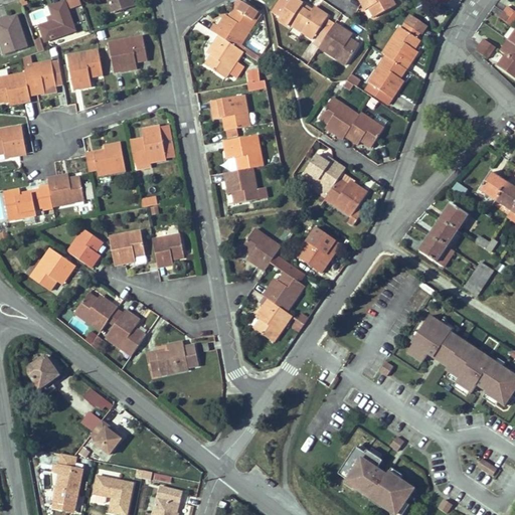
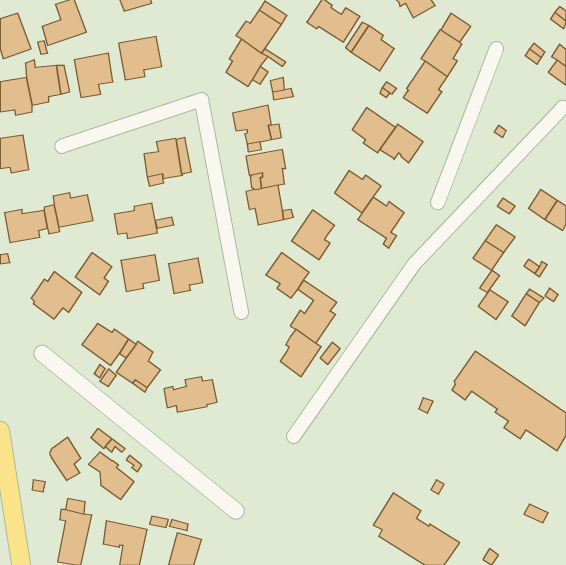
building: [87,143,126,175] -> [114,203,157,238]
building: [296,227,335,273] -> [291,210,335,260]
building: [419,234,447,262] -> [478,290,508,320]
building: [29,356,57,395] -> [50,437,81,480]

